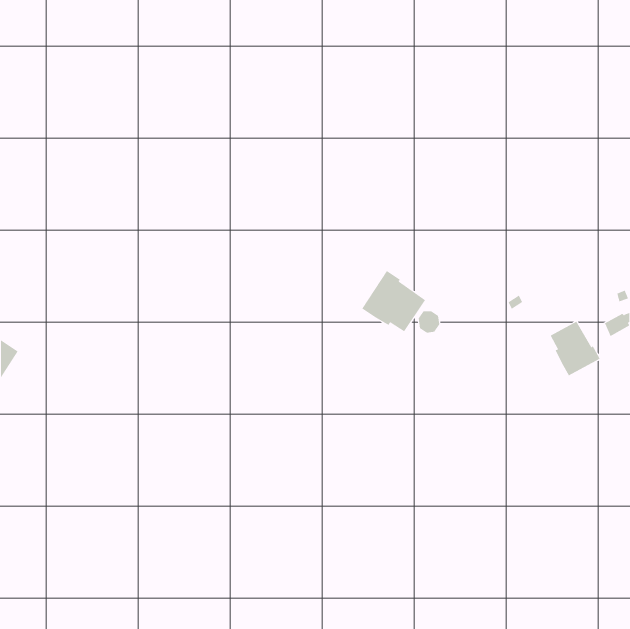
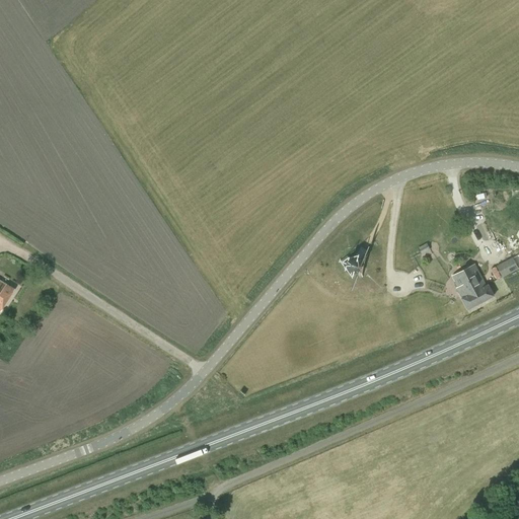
building: [362,270,426,332] -> none

